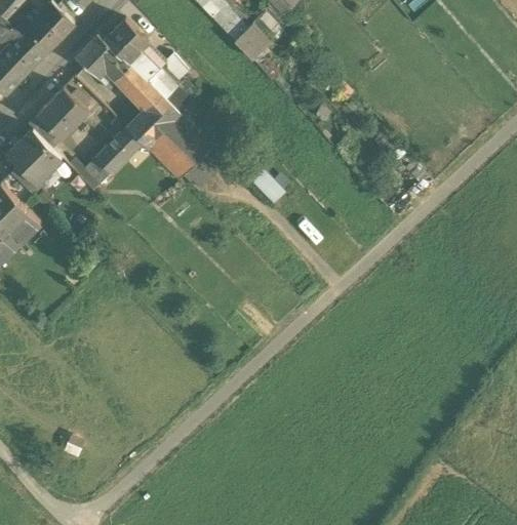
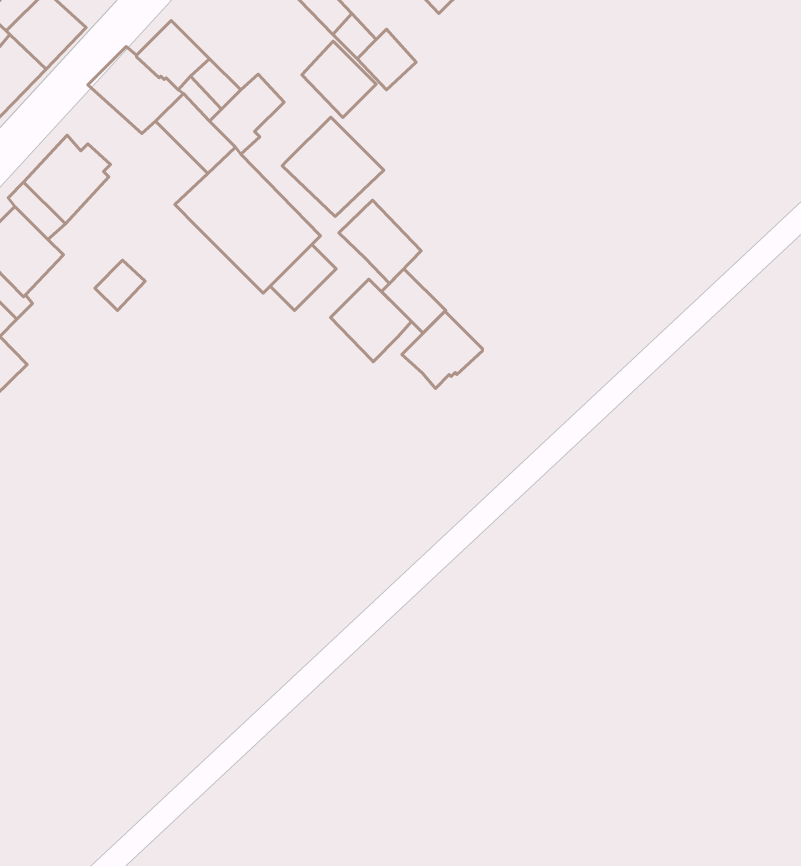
building: none -> [302,41,376,118]
building: none -> [282,117,384,217]
building: none -> [339,200,421,283]
building: [95,127,140,172] -> none
building: none -> [330,279,411,362]
building: none -> [402,311,482,388]

